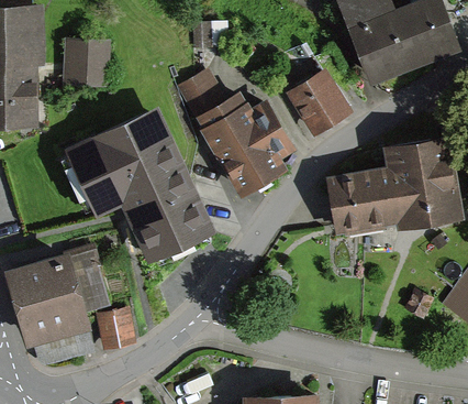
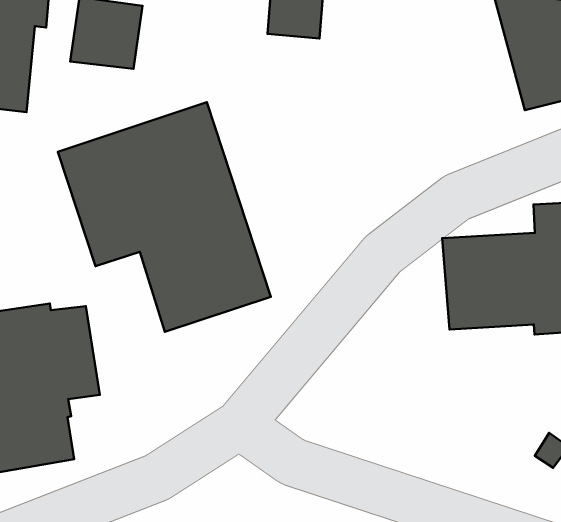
building: [286,68,353,137] -> none
building: [177,70,297,197] -> none
building: [97,312,134,353] -> none

